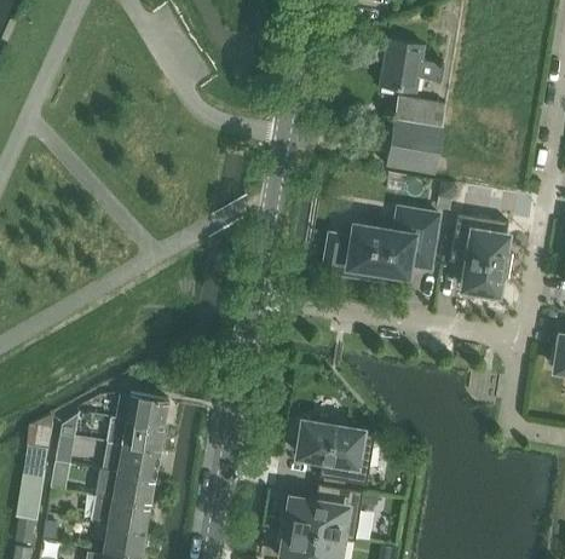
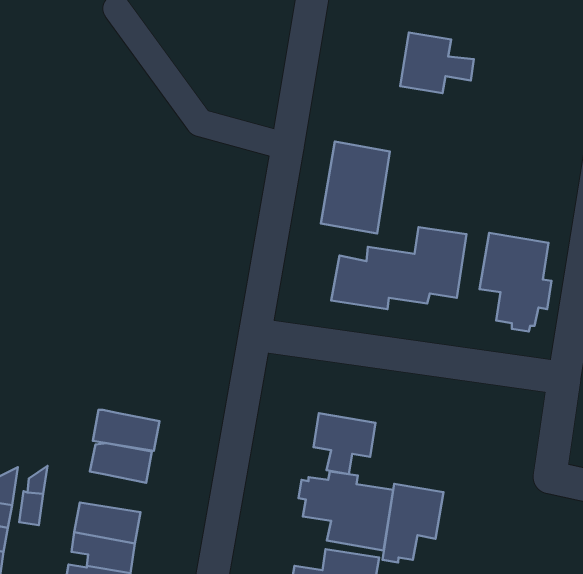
building: [386,97,445,175] -> [321,142,390,233]
building: none -> [313,413,376,474]
building: [106,419,163,454] -> [93,410,159,451]
building: none -> [382,484,444,563]

